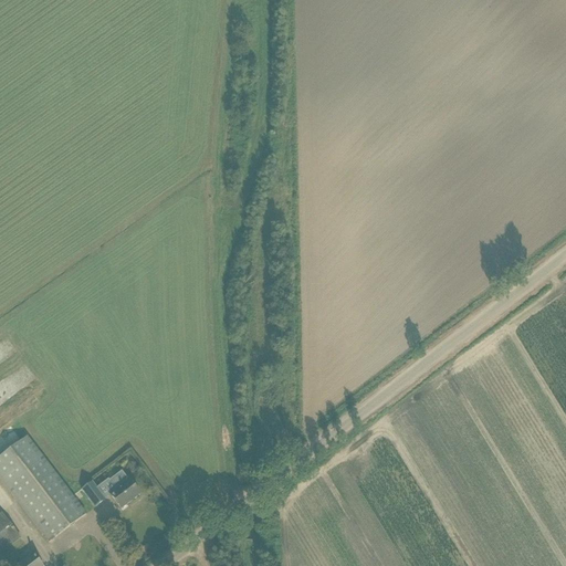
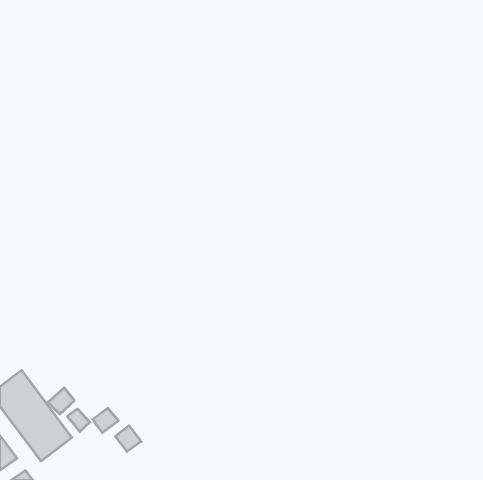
building: none -> [48,388,74,414]
building: none -> [115,426,141,452]

